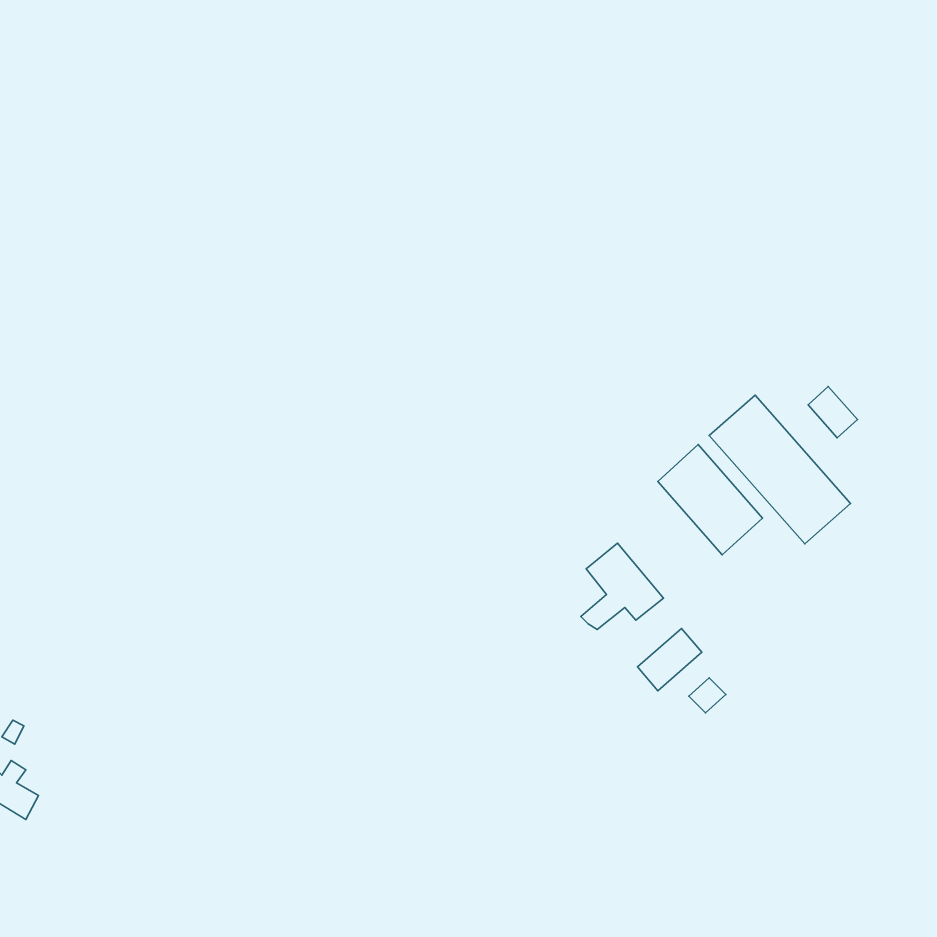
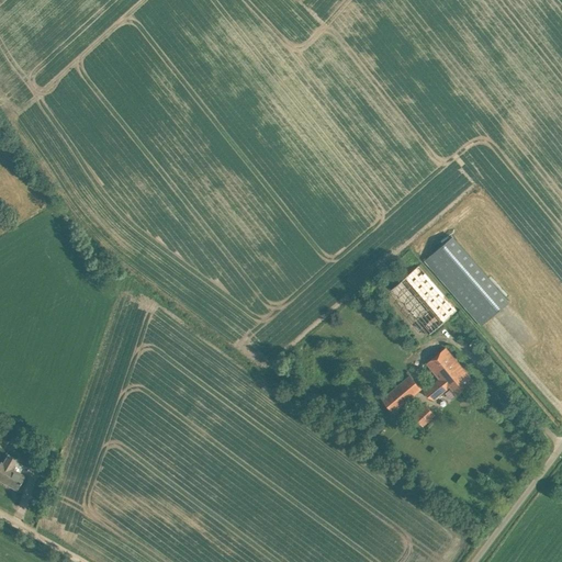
building: [808,386,857,438] -> none
building: [581,543,663,629] -> [423,349,472,401]

